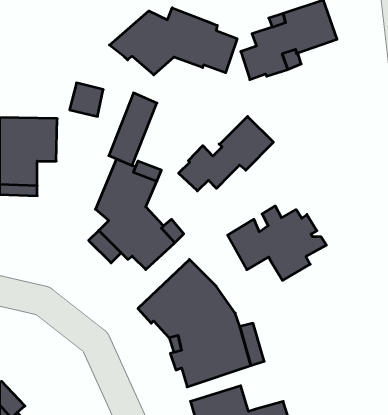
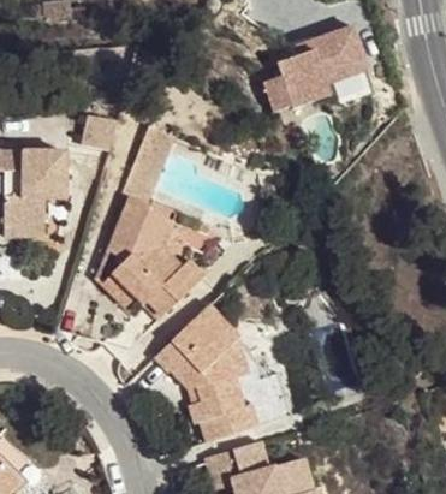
building: [109,8,237,75] -> none
building: [179,116,273,191] -> none
building: [228,206,326,280] -> none

